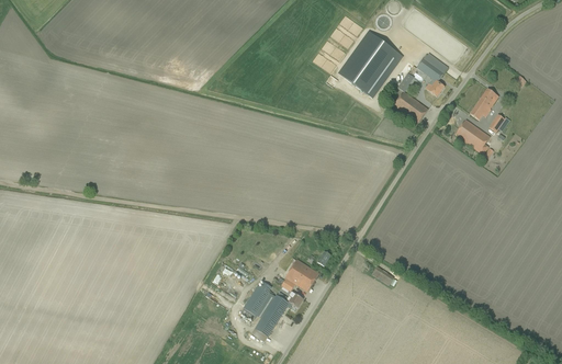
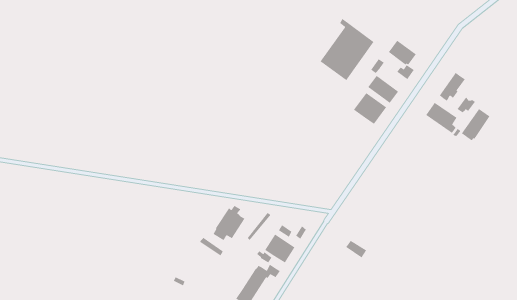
building: none -> [353,92,387,125]
building: none -> [461,108,491,141]
building: [240,281,276,319] -> [212,205,246,241]

